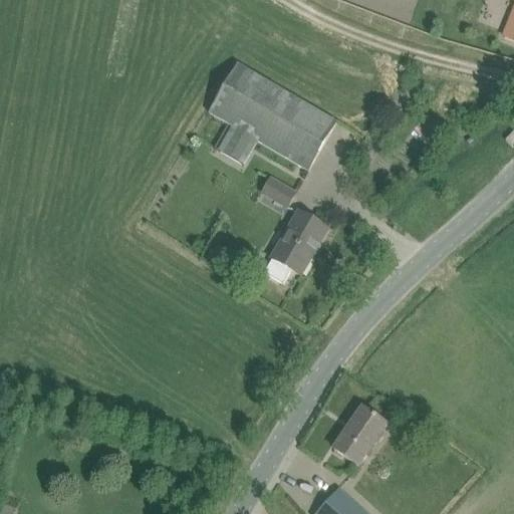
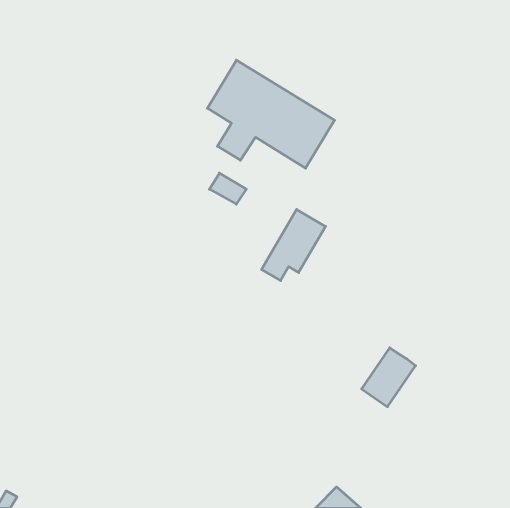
building: [258,176,295,207] -> [209,173,246,204]
building: [332,406,387,465] -> [362,348,416,407]

